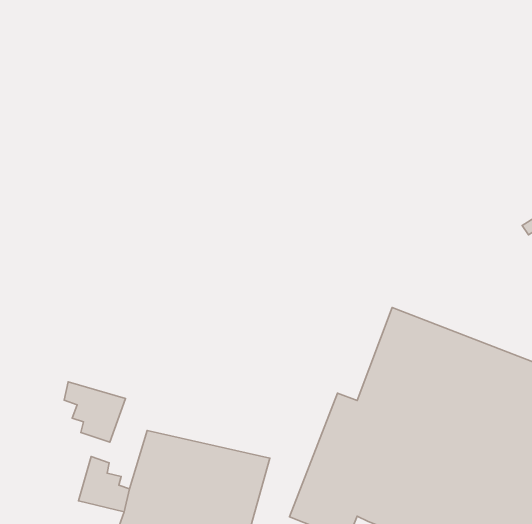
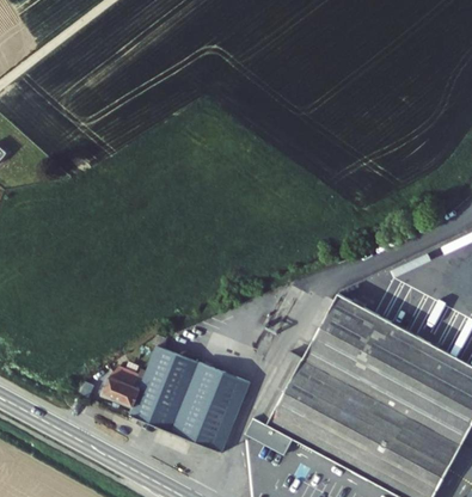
building: [64,382,125,442] -> none

